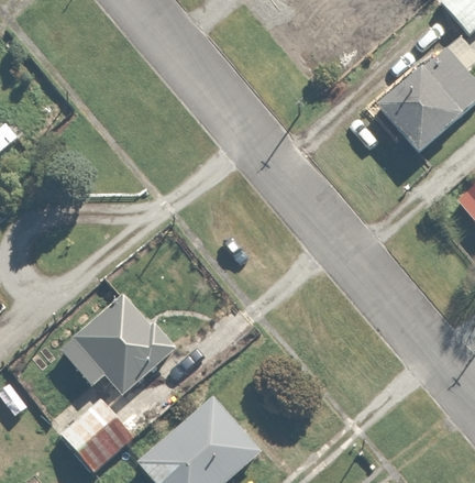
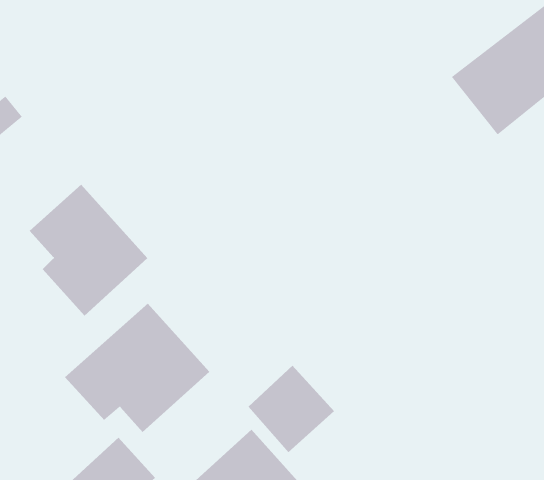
building: none -> [29,184,148,317]
building: none -> [247,365,335,453]

